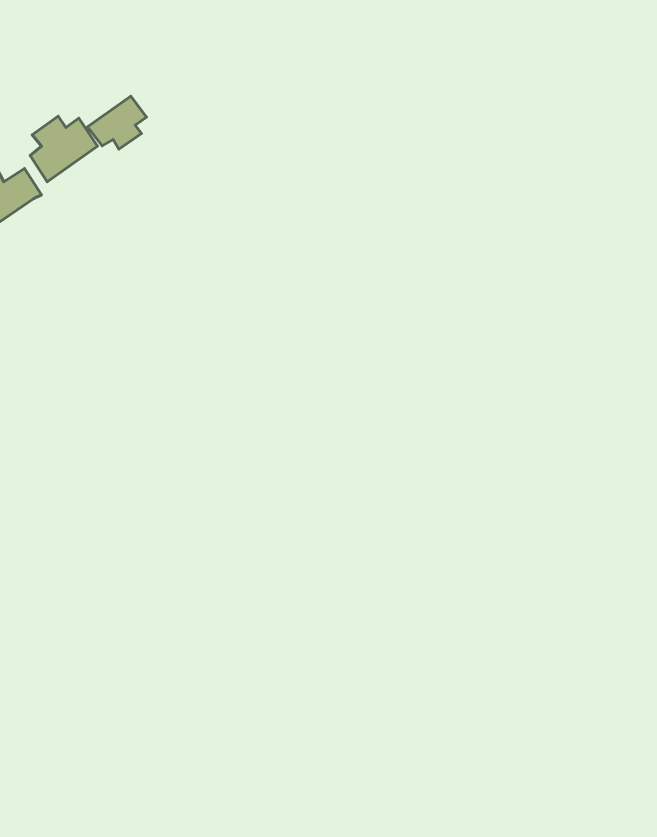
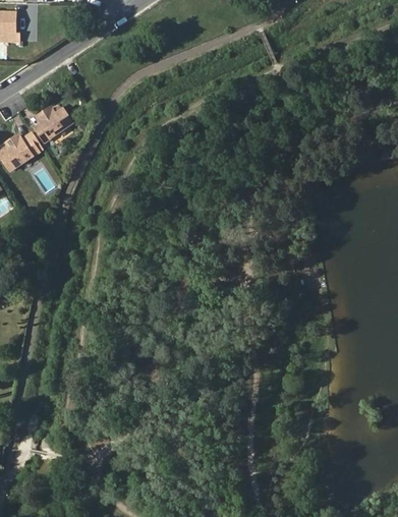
building: [88,96,146,149] -> none

